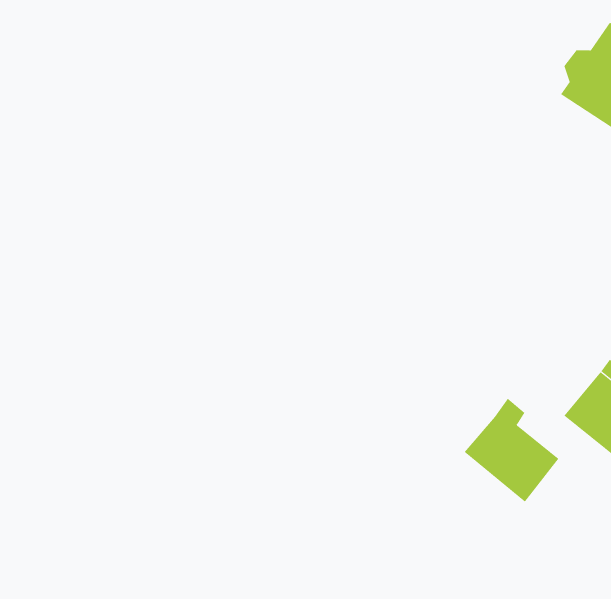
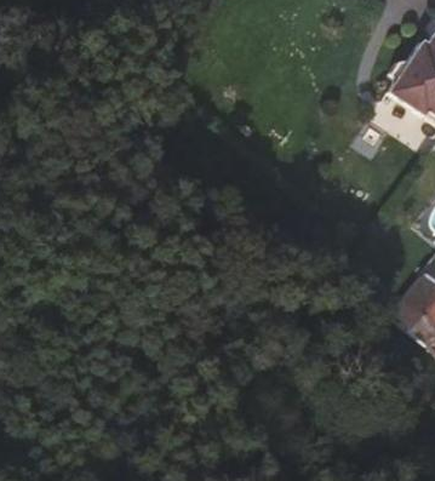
building: [464,398,559,502] -> none

